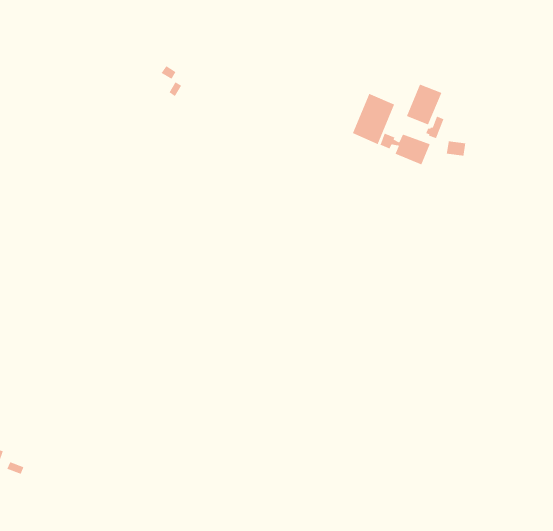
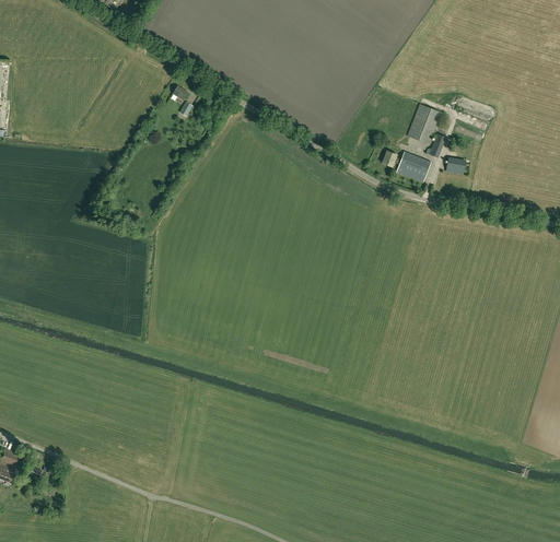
building: [352,93,395,145] -> none

